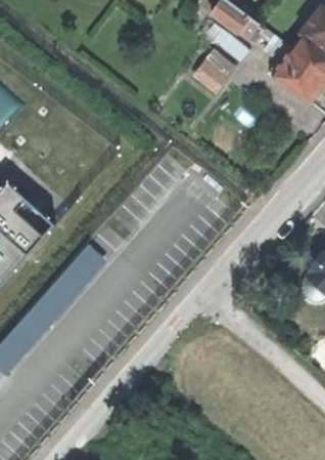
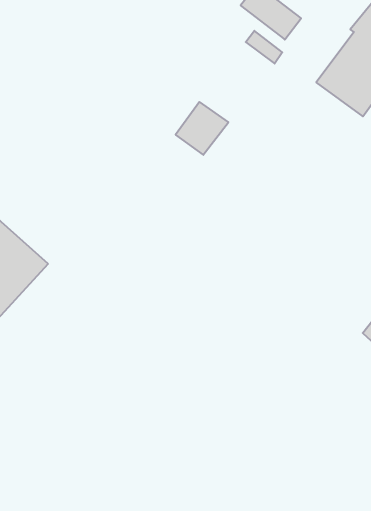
building: [193,48,236,91] -> [176,102,228,155]

